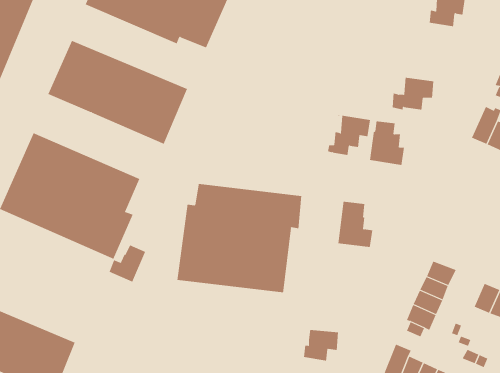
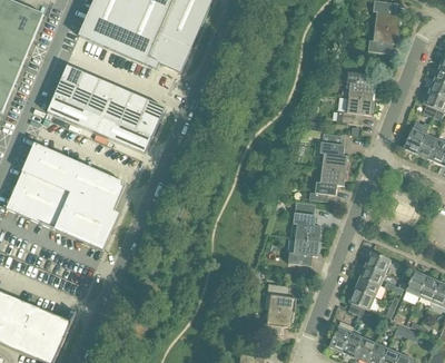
building: none -> [346,70,374,99]
building: [327,114,371,155] -> [308,166,345,200]
building: [177,183,302,293] -> none
building: [109,245,146,282] -> none
building: none -> [287,237,318,265]
building: none -> [266,283,294,311]

